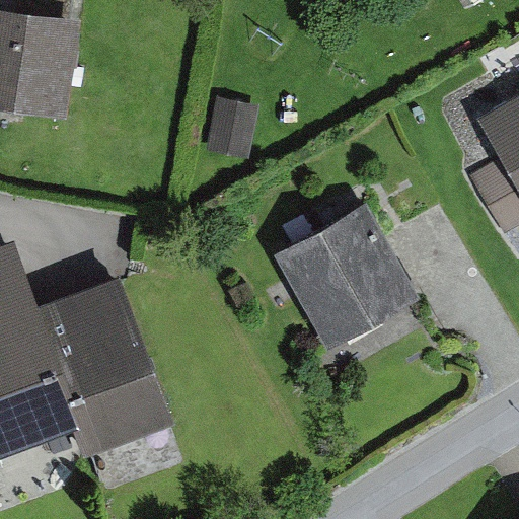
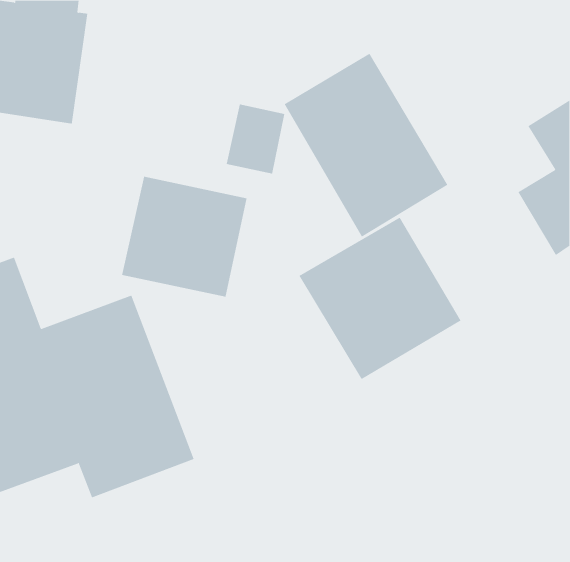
building: none -> [284,53,448,237]
building: none -> [121,176,247,297]

